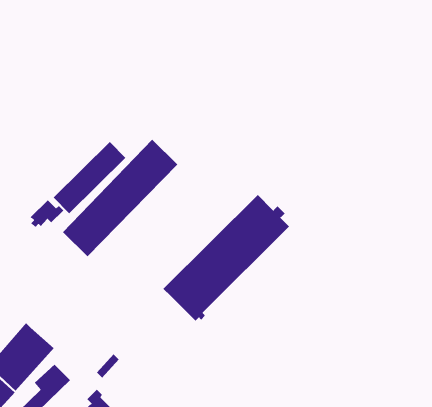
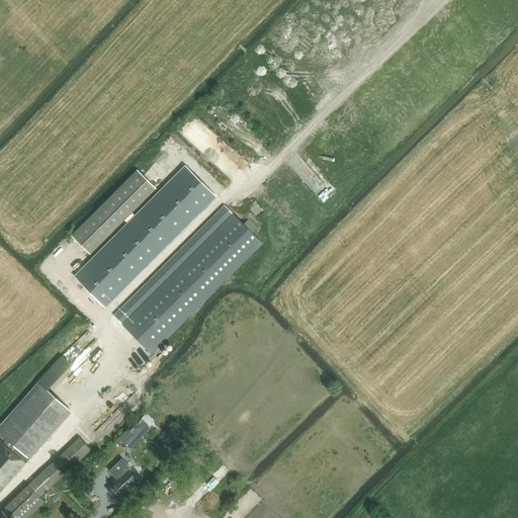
building: [163,194,290,322] -> [112,205,261,354]
building: [30,199,64,228] -> none
building: none -> [37,355,71,391]

